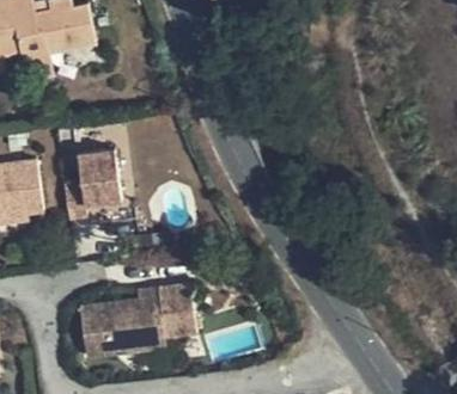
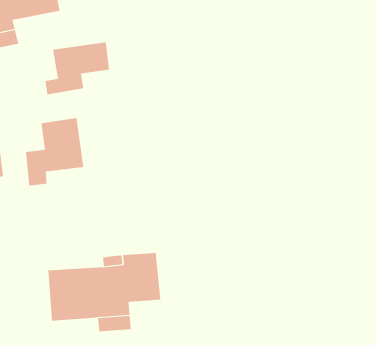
building: none -> [45,41,110,95]

